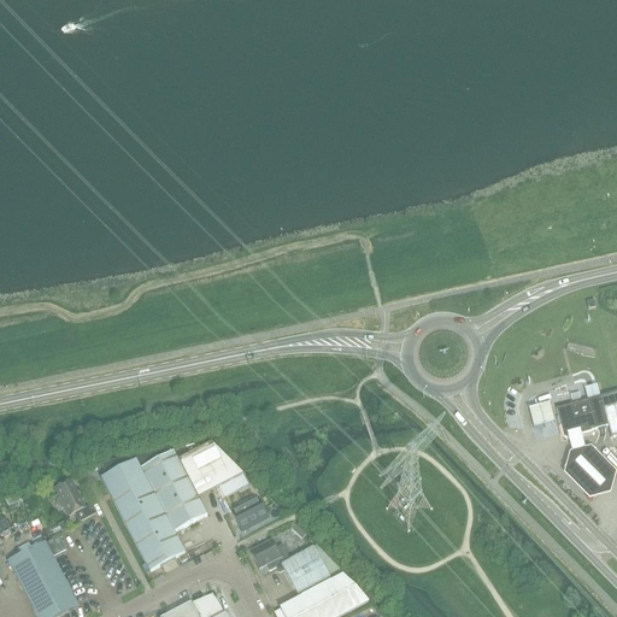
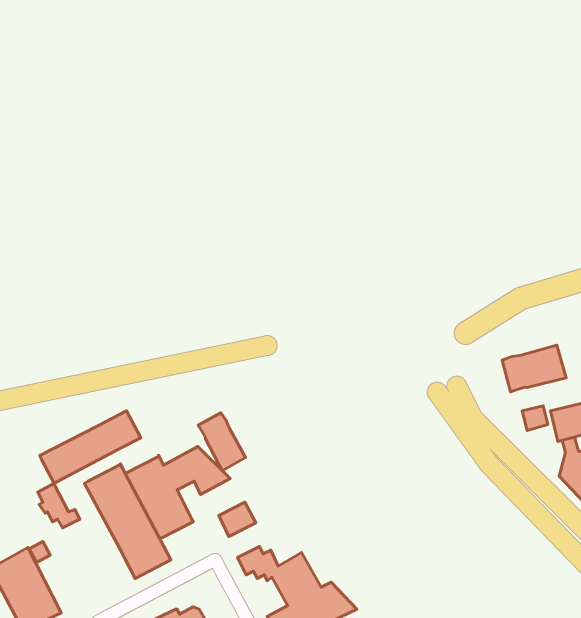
building: none -> [502,345,566,392]
building: none -> [40,411,141,484]
building: none -> [198,413,245,471]

